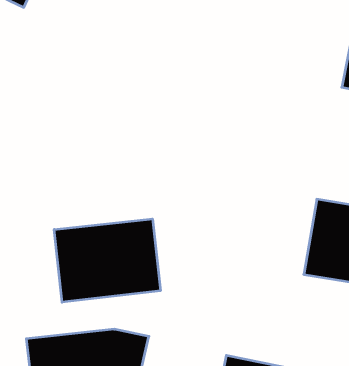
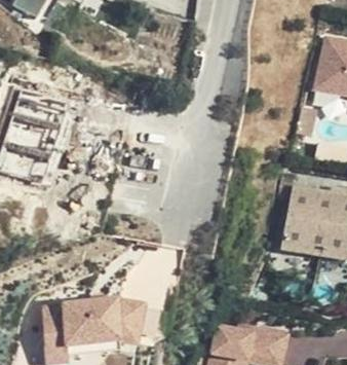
building: [54,219,160,302] -> none

